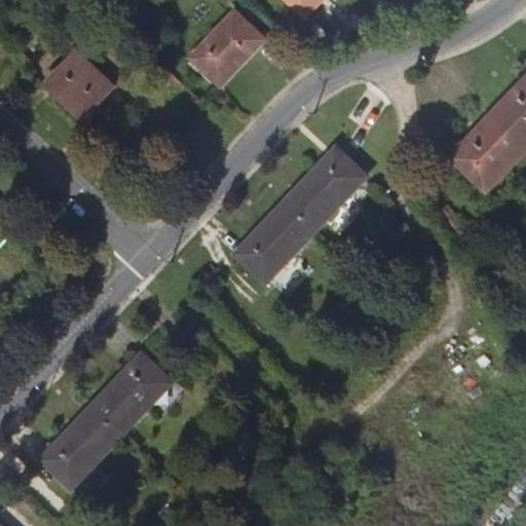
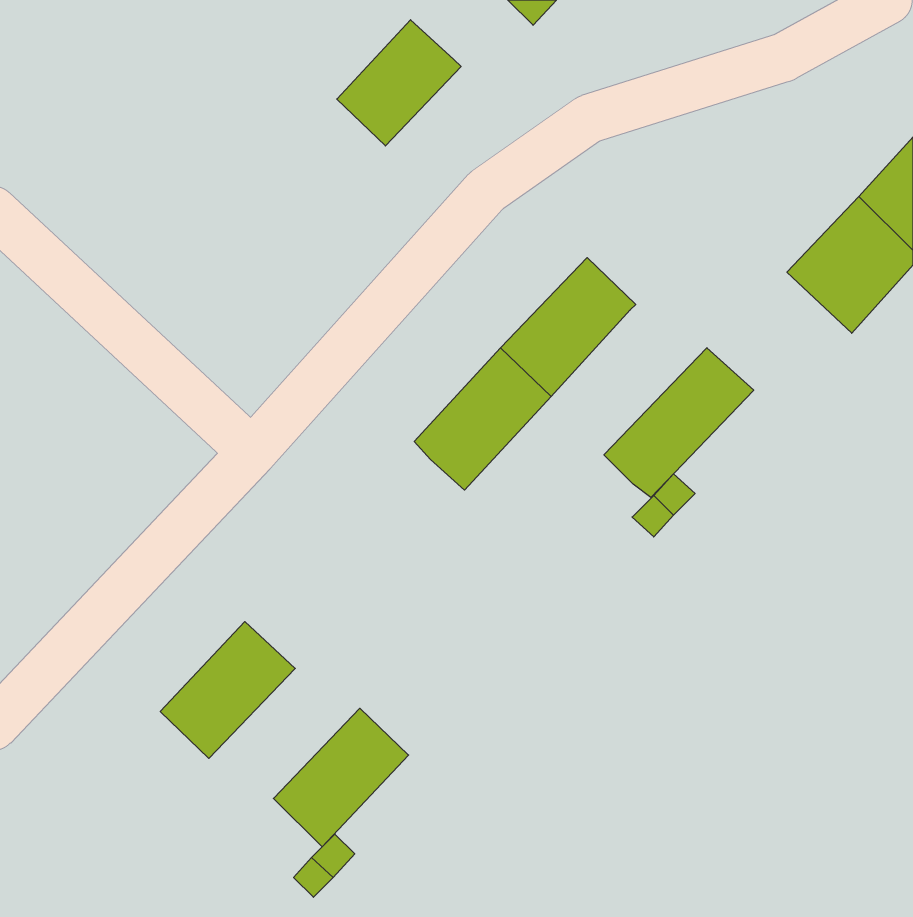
building: [47,51,112,115] -> none
building: none -> [604,348,754,497]
building: [42,408,119,487] -> [273,708,409,847]

